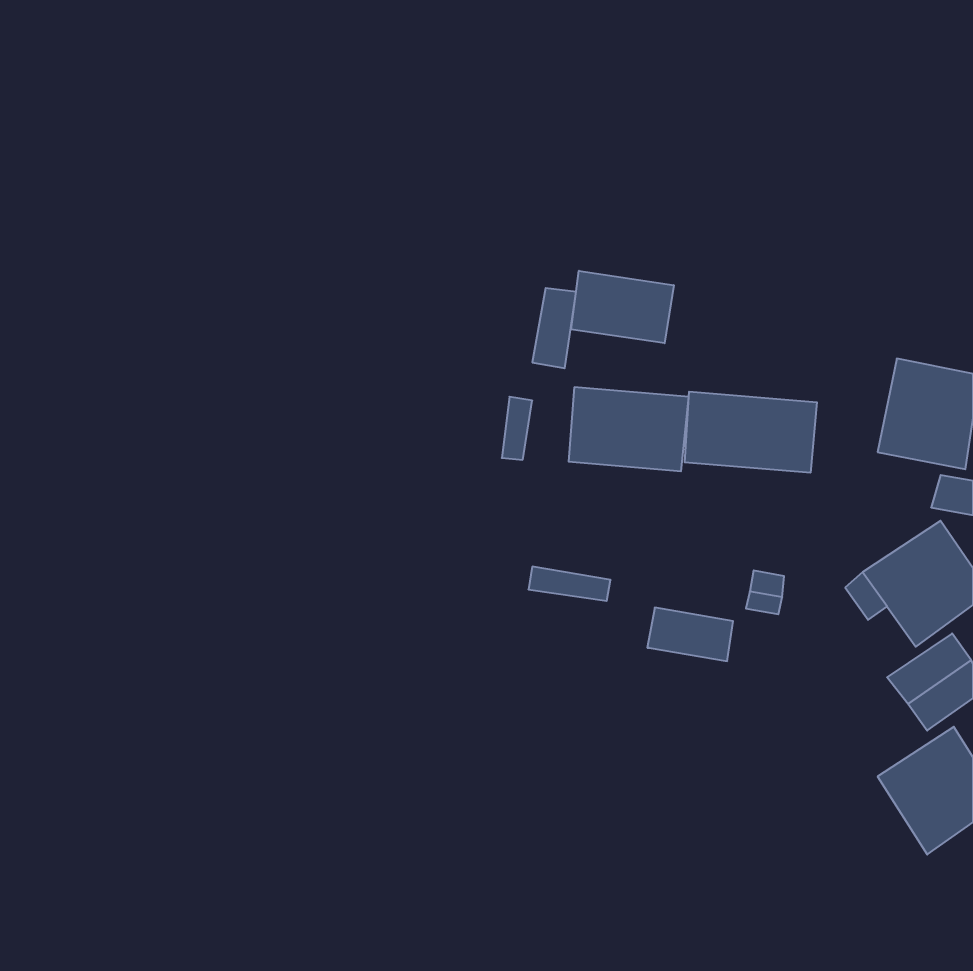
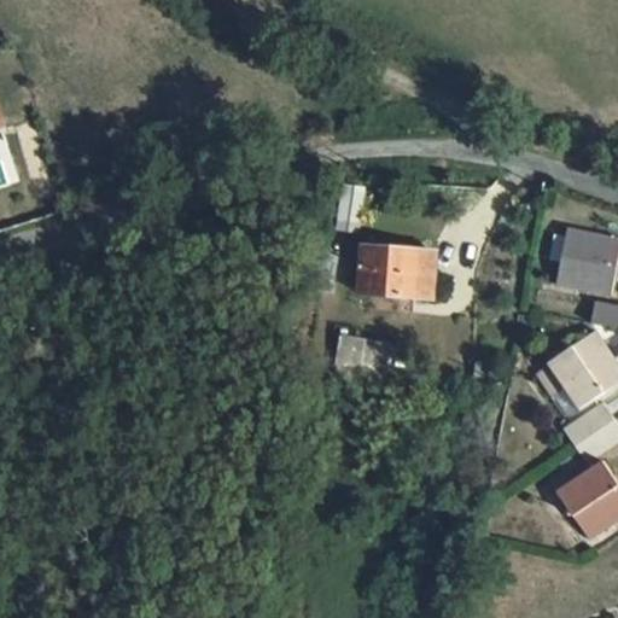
building: [571,271,674,343] -> none
building: [685,392,817,473] -> none
building: [647,608,733,661] -> [336,333,390,367]

